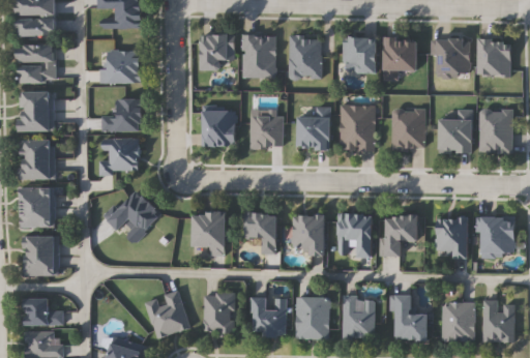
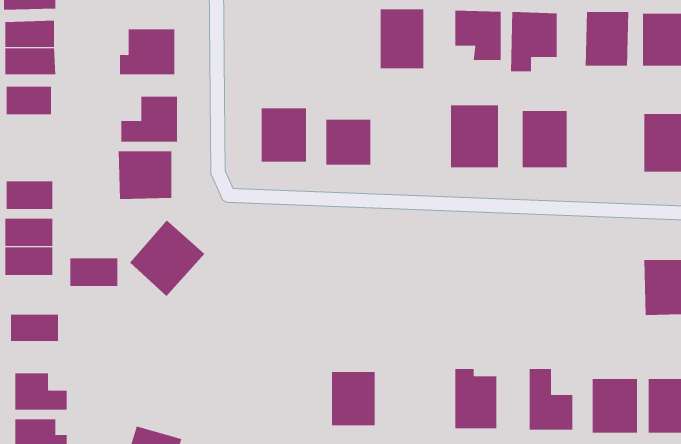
building: [201,33,234,70] -> none
building: [241,35,275,78] -> none
building: [298,108,330,149] -> none
building: [440,110,473,153] -> none
building: [19,112,53,131] -> none
building: [19,140,53,159] -> none
building: [193,211,226,256] -> none
building: [244,212,277,255] -> none
building: [336,212,374,257] -> none
building: [291,214,325,256] -> none
building: [383,215,419,256] -> none
building: [437,218,469,256] -> none
building: [22,235,57,256] -> [70,258,118,286]
building: [146,292,189,338] -> none
building: [203,293,234,333] -> none
building: [295,296,328,338] -> none

